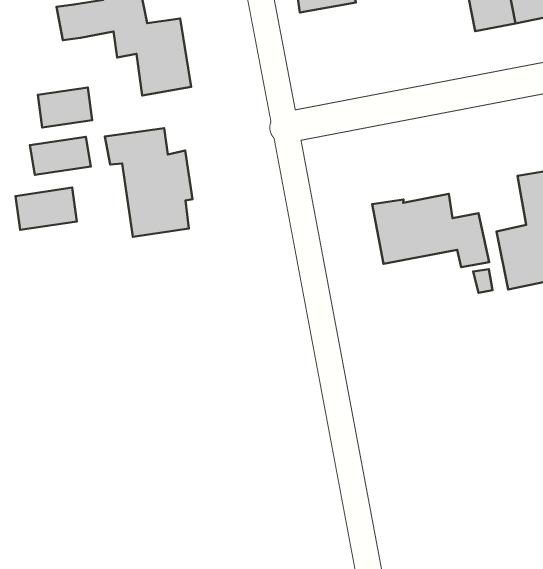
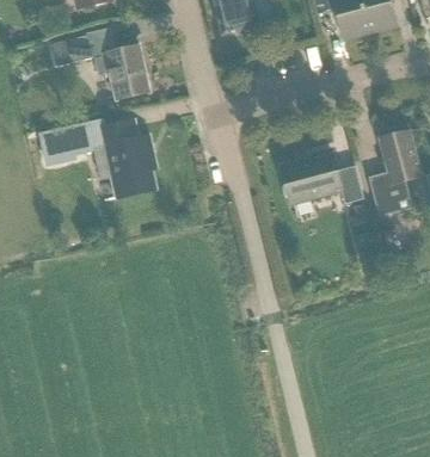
building: [38,87,92,128] -> none
building: [15,188,77,230] -> none

